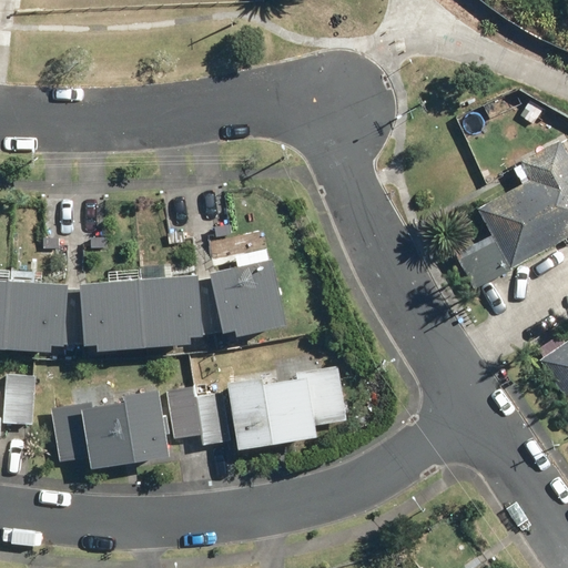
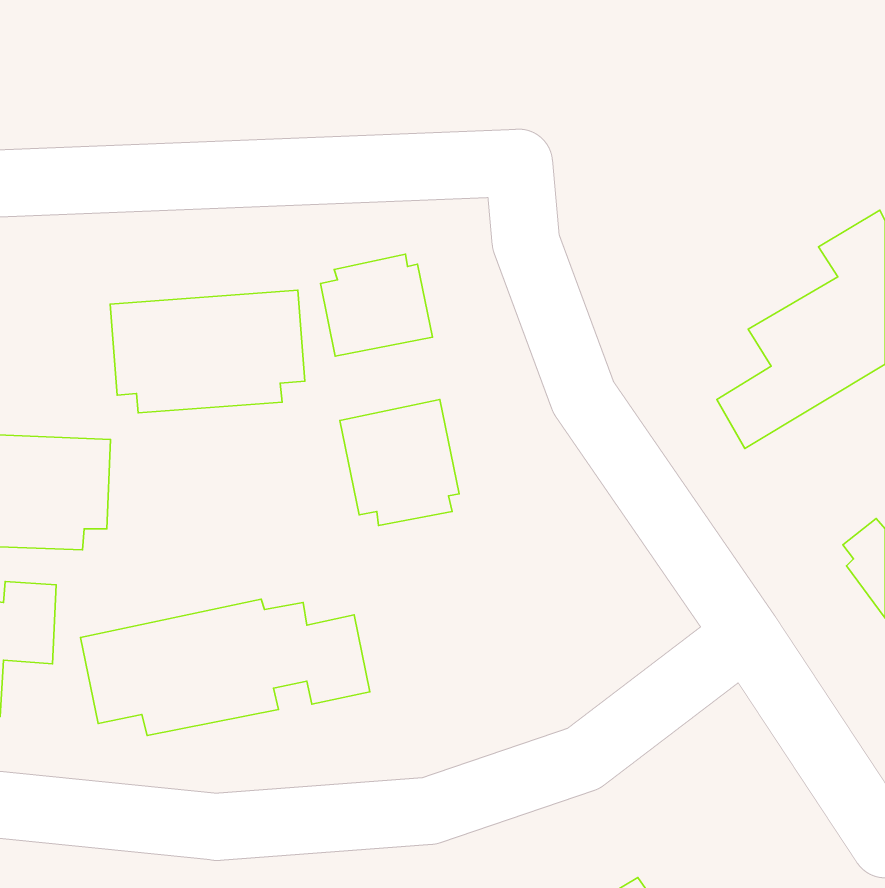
building: none -> [320,254,433,356]
building: [87,274,210,352] -> [110,290,305,413]
building: [226,368,345,448] -> none

